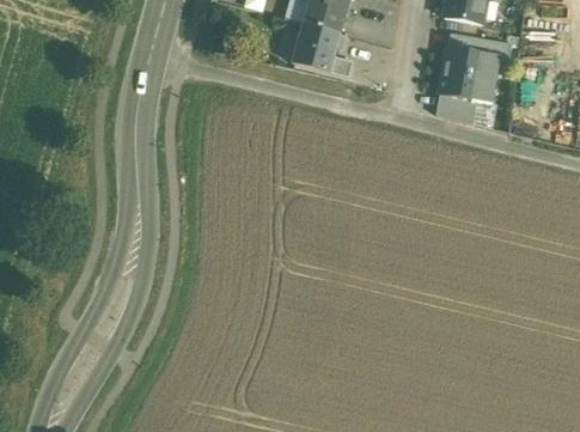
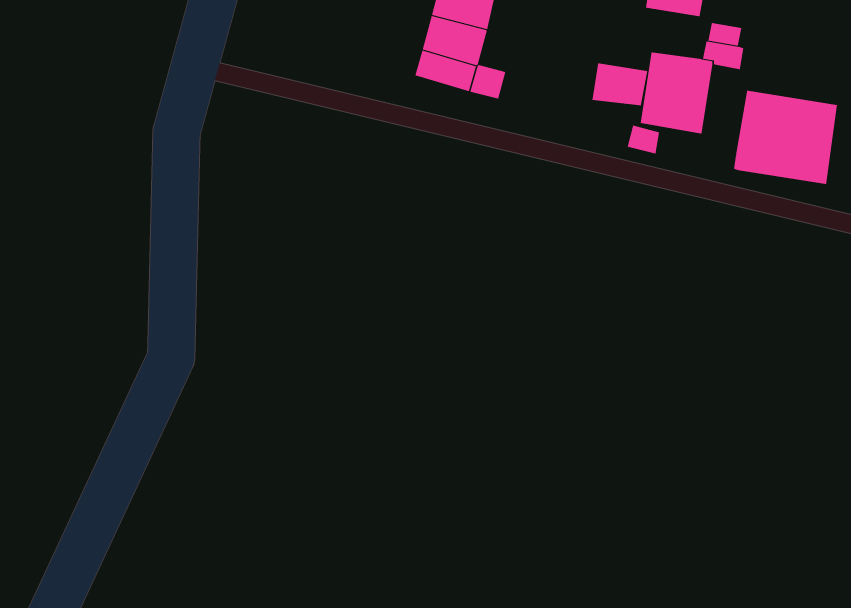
building: none -> [592,62,648,106]
building: none -> [733,90,838,185]

